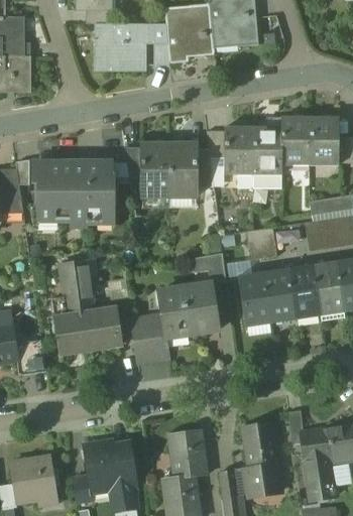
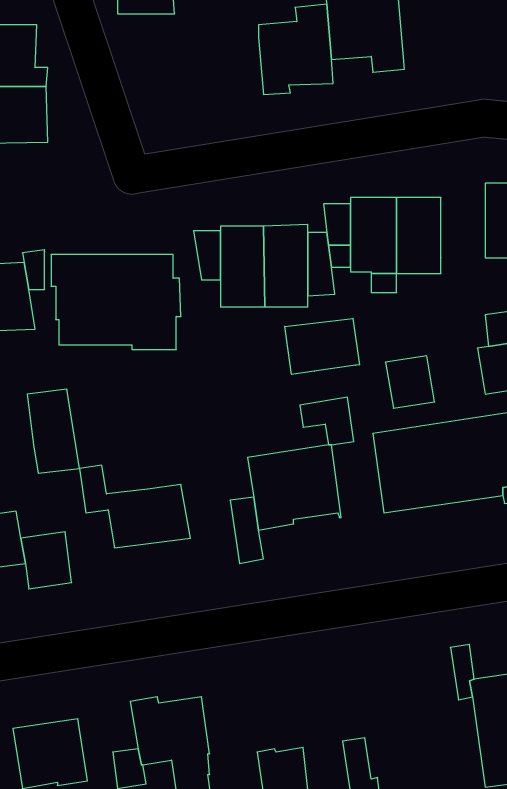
building: [95,23,169,70] -> none
building: [281,116,310,164] -> none
building: none -> [285,318,360,374]
building: [62,261,95,314] -> [27,389,80,473]
building: [131,318,153,361] -> none
building: [241,421,282,490] -> none
building: [170,430,205,479] -> none

